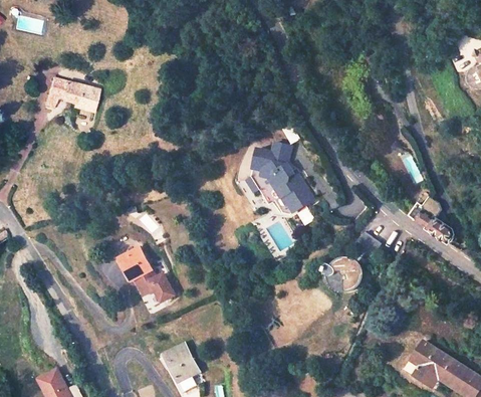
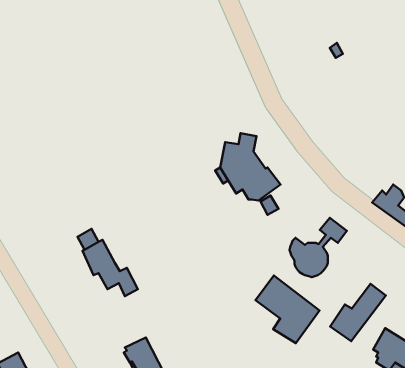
building: [46,76,101,107] -> none
building: none -> [256,276,319,343]
building: none -> [330,284,386,341]

